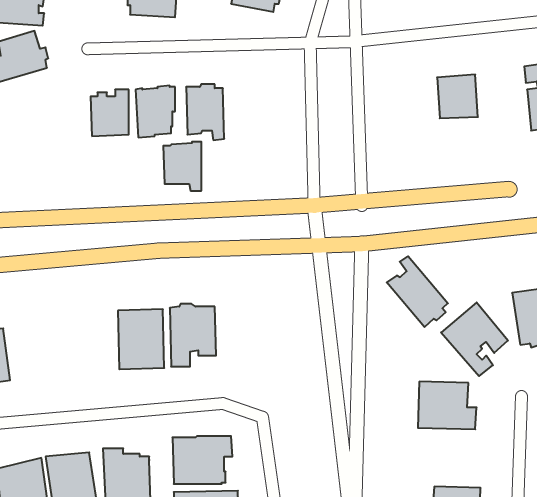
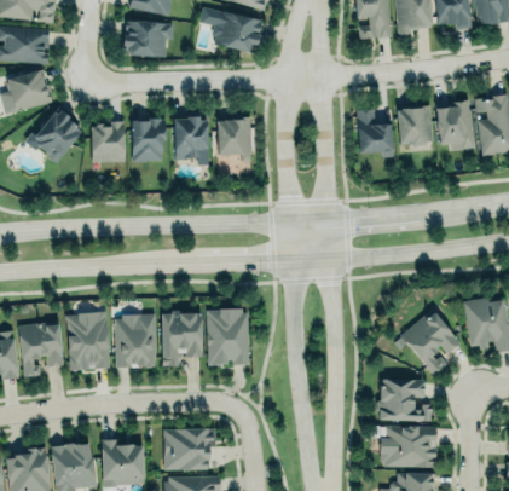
building: none -> [434,98,472,150]
building: none -> [27,109,82,163]
building: none -> [357,110,393,158]
building: [163,142,201,191] -> [216,117,250,161]
building: [387,256,448,327] -> none
building: none -> [206,308,248,366]
building: none -> [65,312,109,370]
building: none -> [17,322,63,379]
building: none -> [380,427,436,468]

